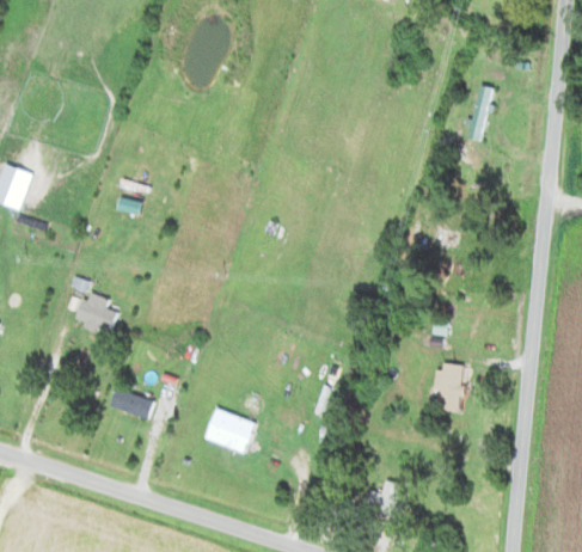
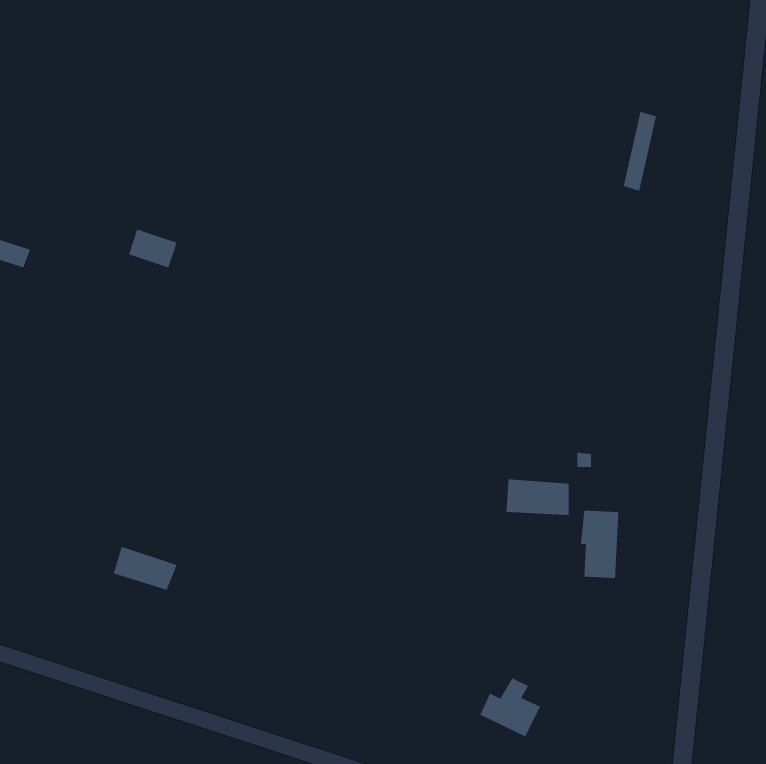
building: [75,292,117,333] -> none
building: none -> [506,479,569,516]
building: [204,410,256,453] -> none

